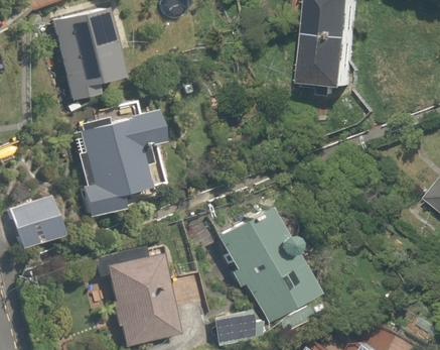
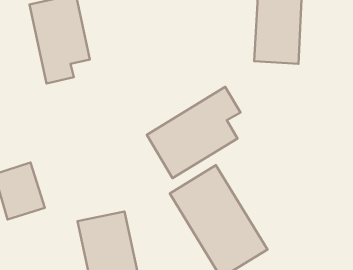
building: [78,109,158,219] -> none
building: none -> [147,87,240,178]

